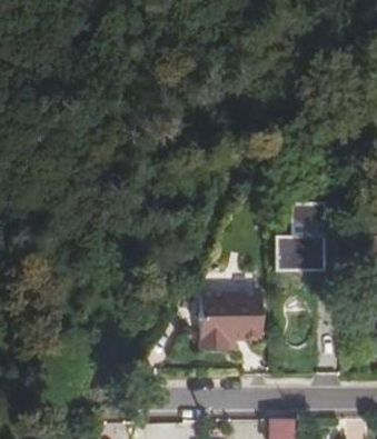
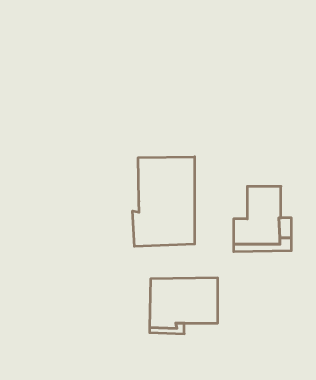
building: none -> [133,157,195,246]

